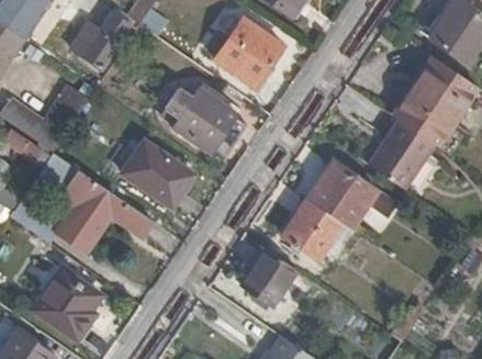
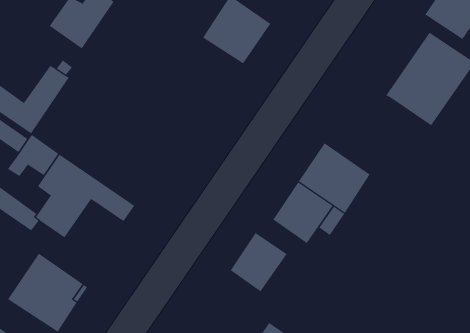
building: [165,89,236,154] -> none
building: [367,119,431,187] -> none
building: [122,142,193,207] -> none

